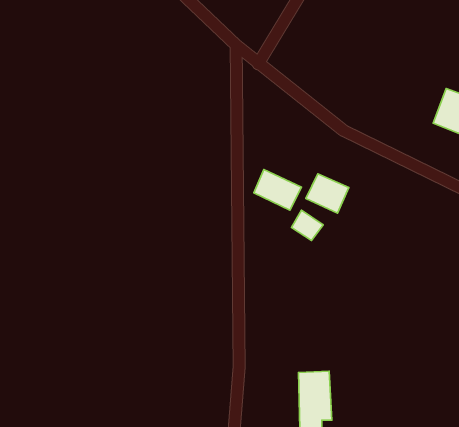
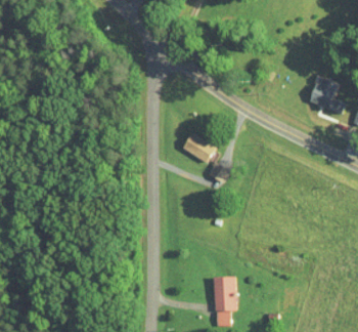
building: [306,174,349,213] -> none

